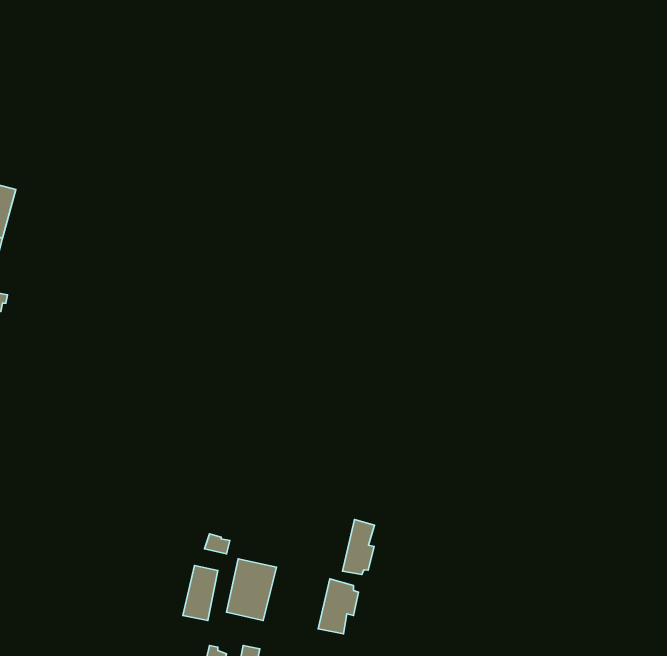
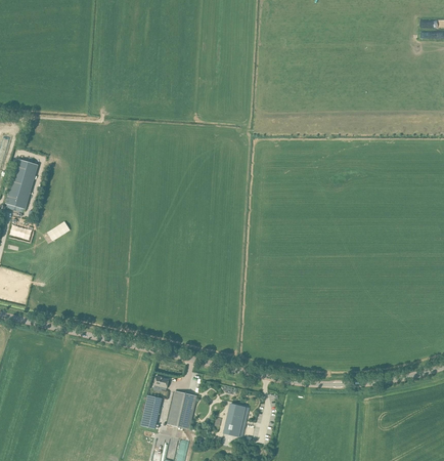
building: [342,520,374,575] -> none

